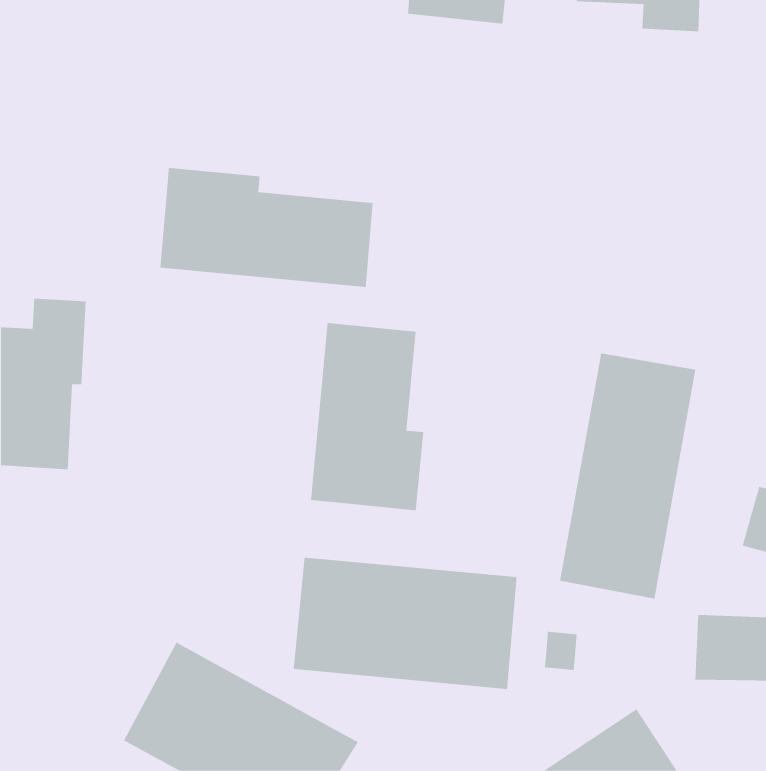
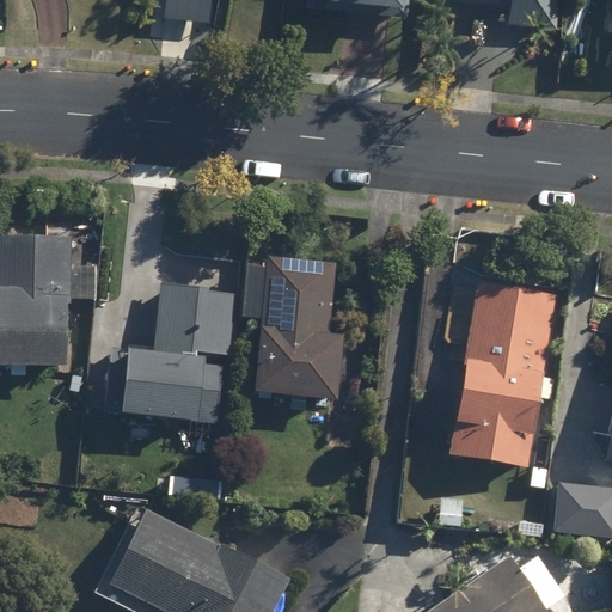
building: [160,167,373,288] -> none
building: none -> [108,282,239,420]
building: [293,557,517,690] -> none

